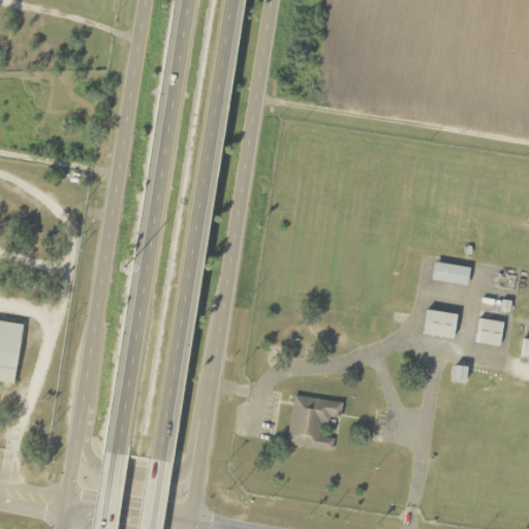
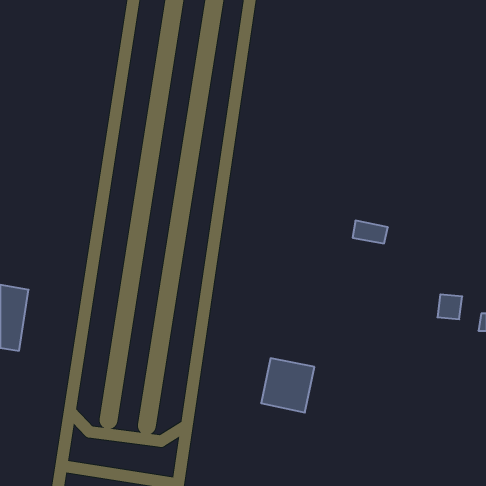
building: [432,261,470,286] -> [353,221,388,243]
building: [424,310,456,339] -> none

